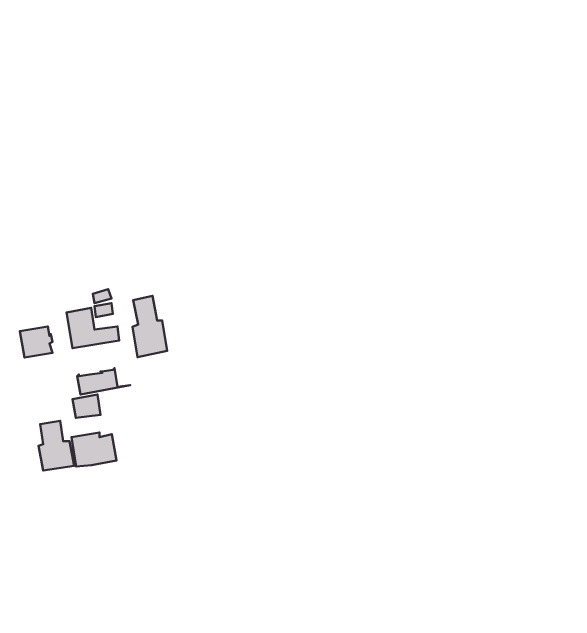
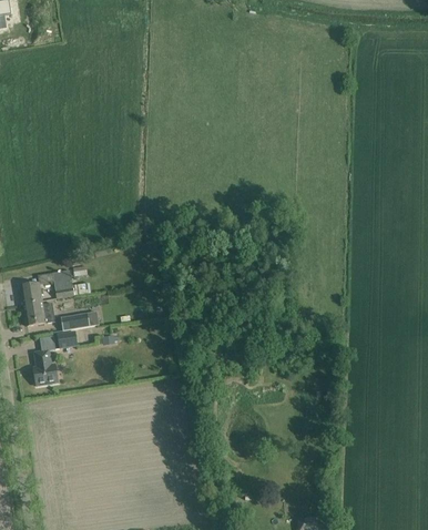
building: [132,296,167,357] -> none
building: [71,433,116,467] -> [23,300,55,325]

